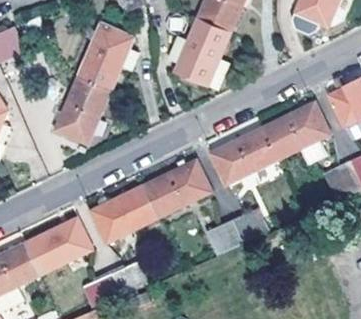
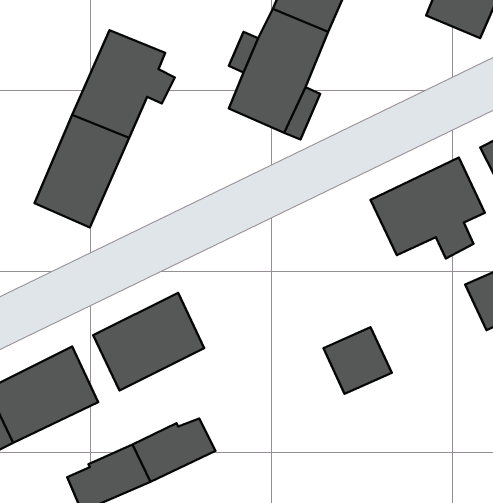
building: [209,127,276,186] -> none
building: [142,159,211,218] -> none
building: [207,218,244,257] -> none

